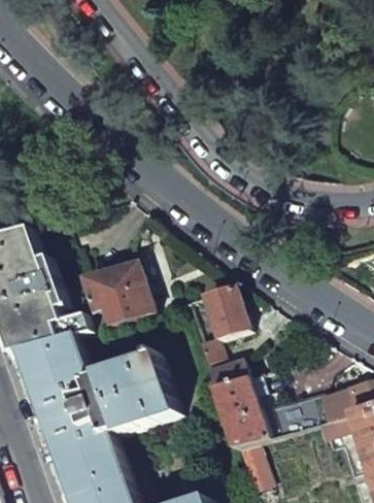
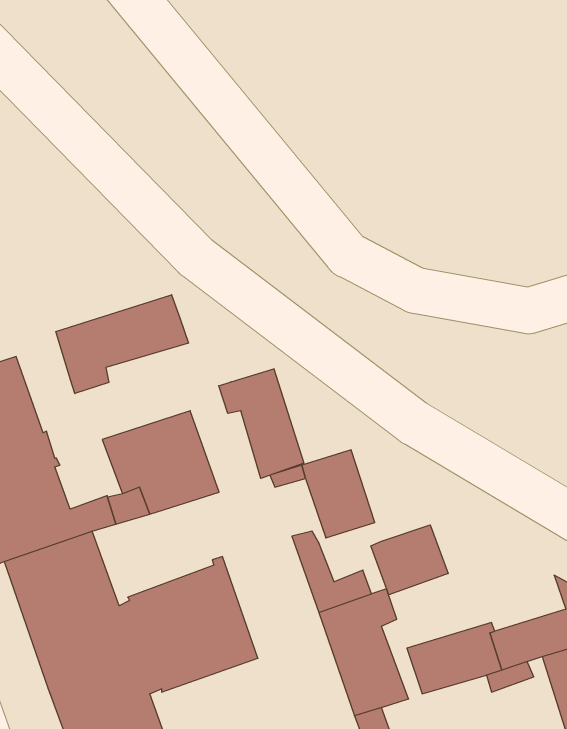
building: none -> [56,295,189,394]
building: none -> [219,369,304,478]
building: none -> [371,525,448,595]

